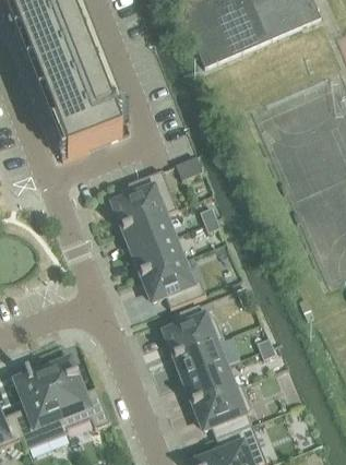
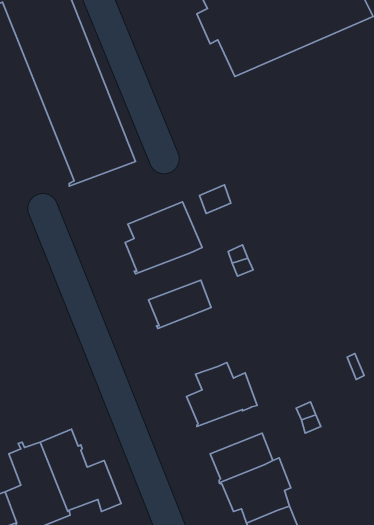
building: [122,213,177,252] -> none
building: [141,259,206,309] -> none
building: [174,337,240,381] -> none

